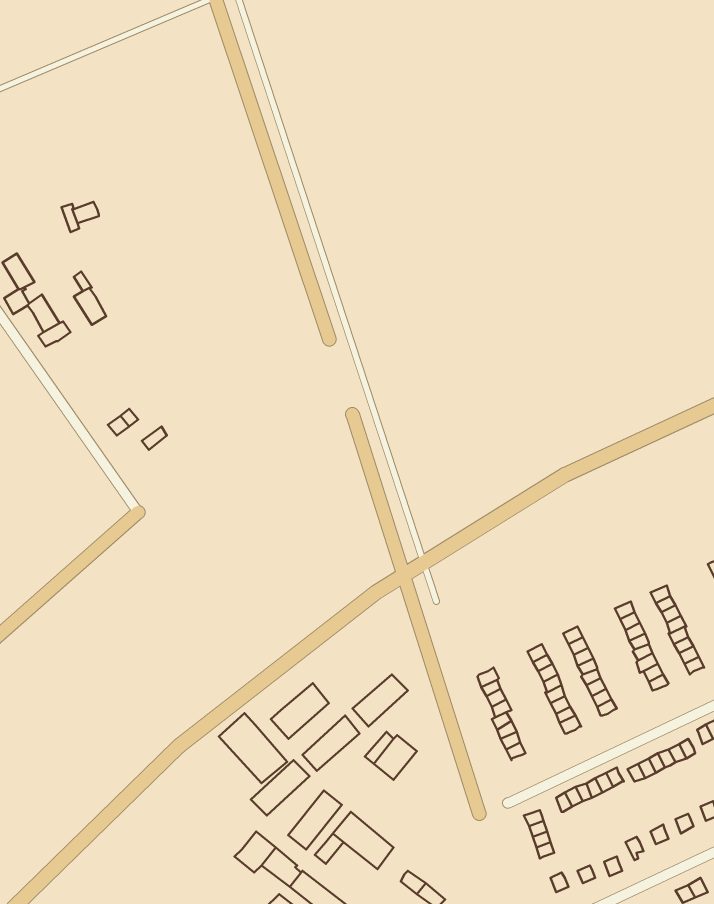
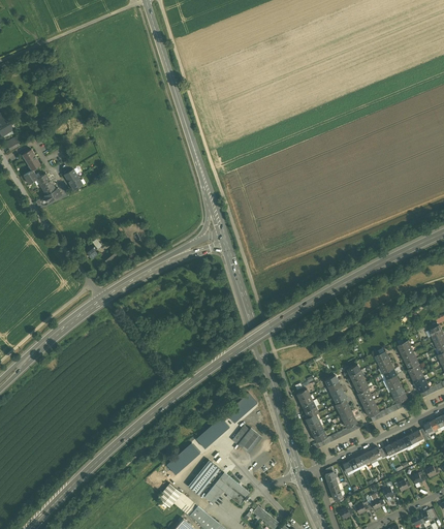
building: [271,683,329,739] -> none
building: [219,713,287,783] -> none

